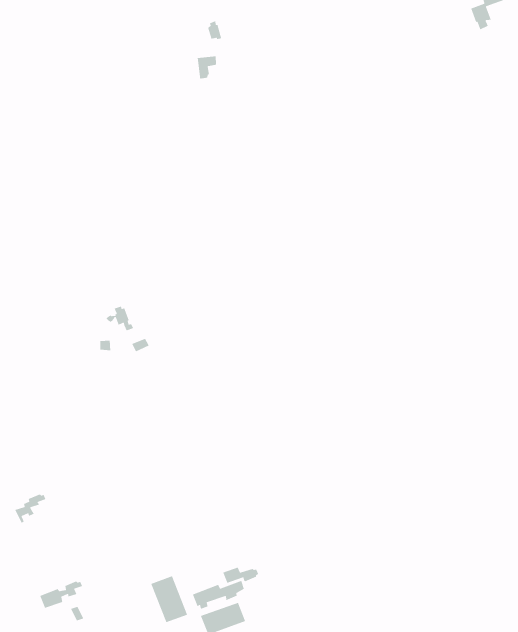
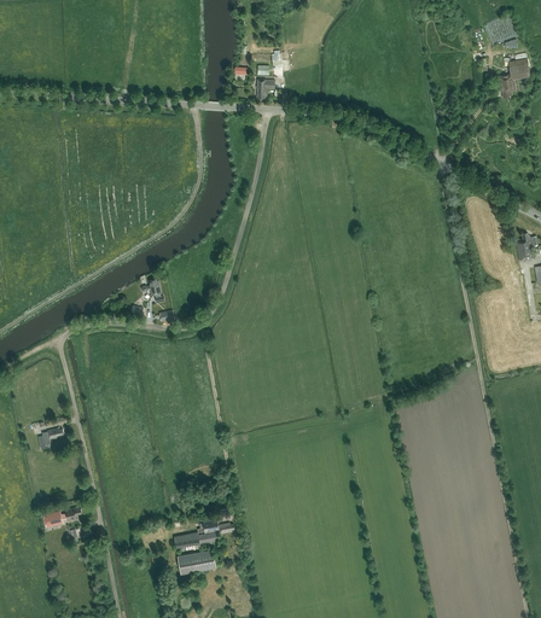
building: [150,575,188,623] -> none

